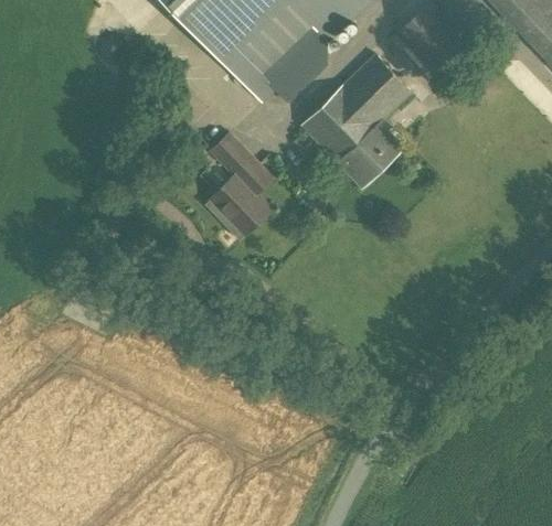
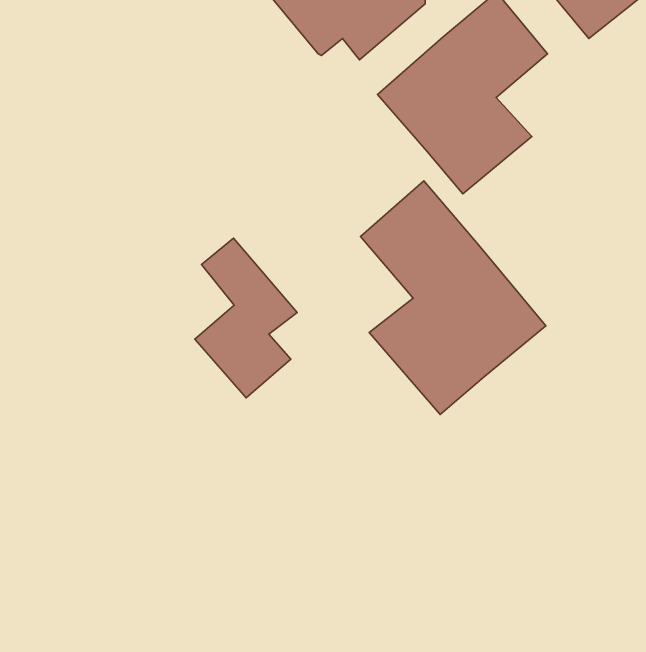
building: [208,131,274,236] -> [195,238,297,398]
building: none -> [361,181,546,414]

